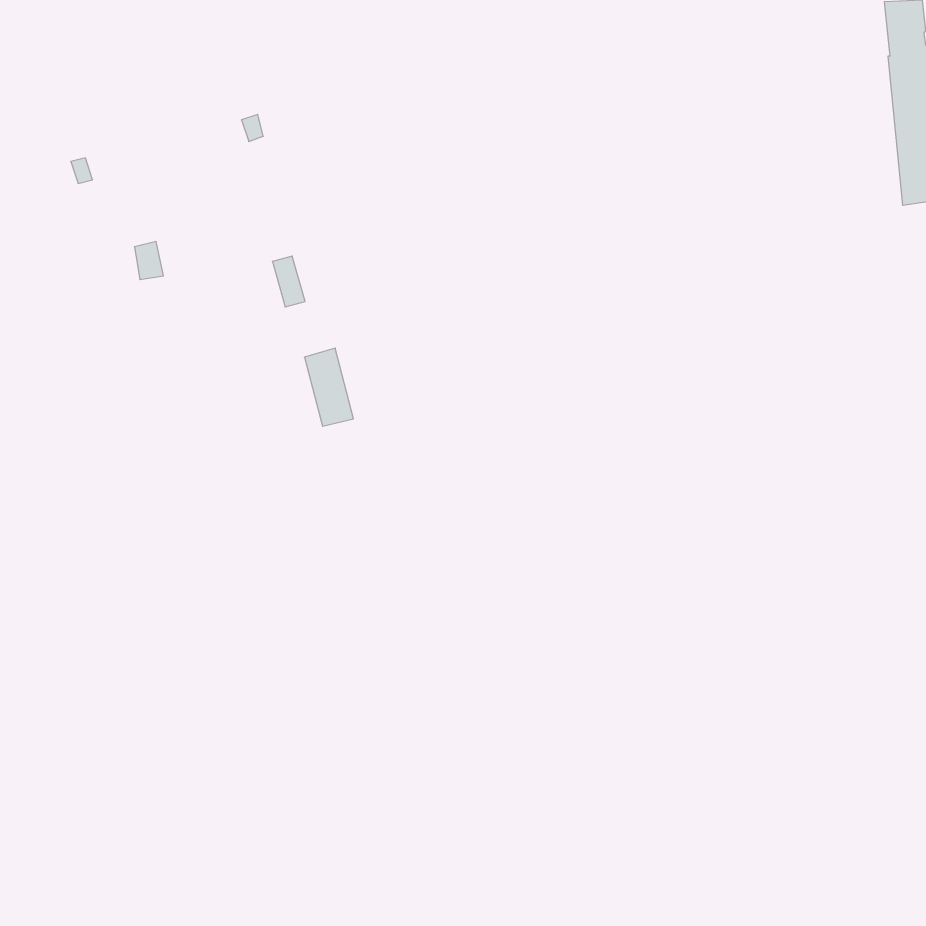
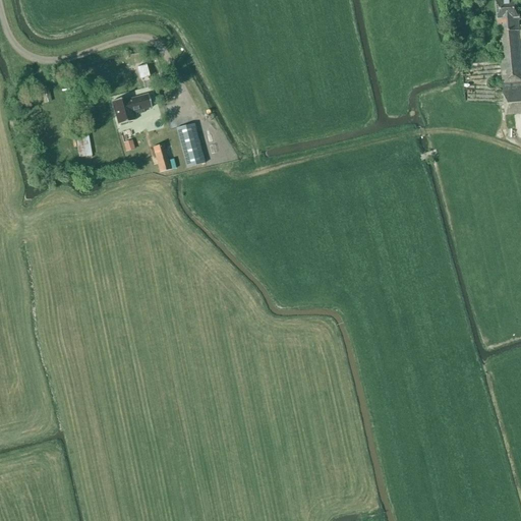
building: none -> [112,93,153,124]
building: [304,348,353,426] -> [178,123,206,167]

